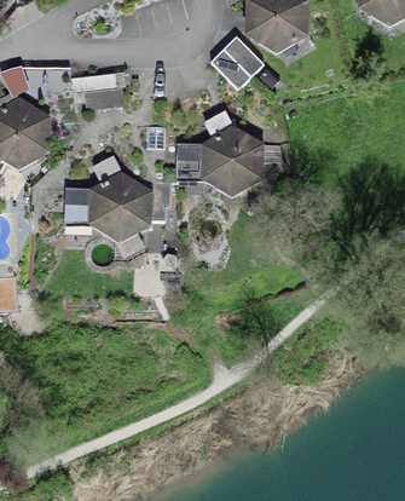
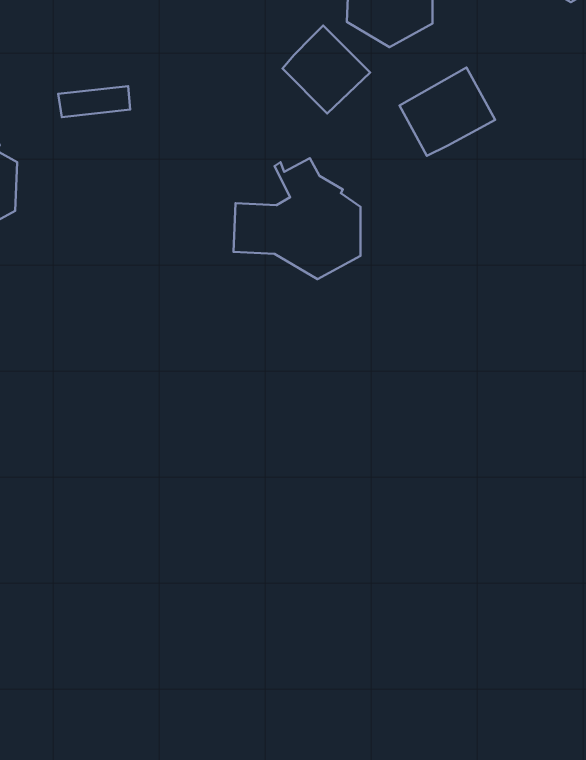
building: none -> [400,68,495,156]
building: [65,163,149,240] -> none

